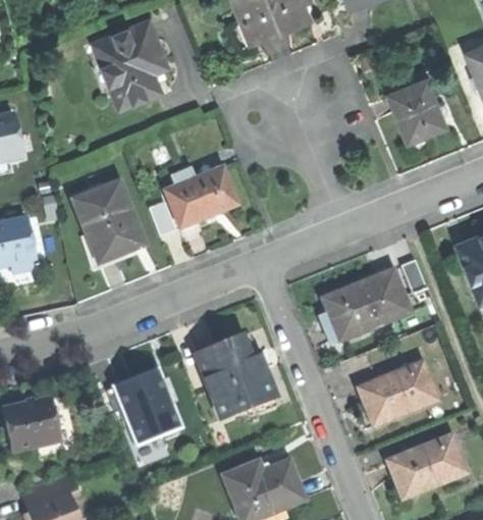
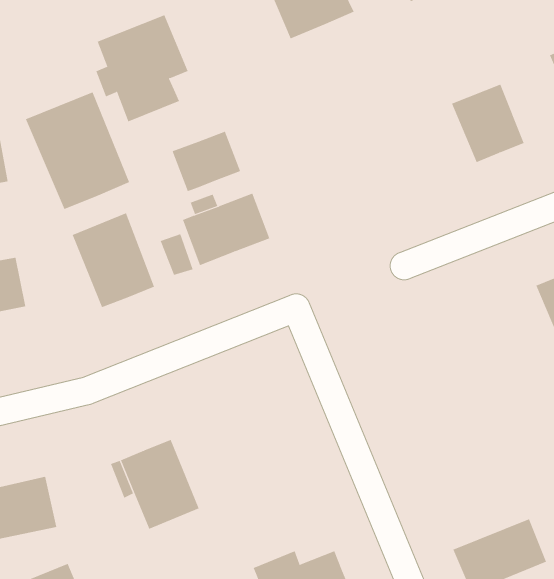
building: none -> [25,92,130,210]
building: none -> [172,131,241,192]
building: [321,268,410,341] -> none
building: [194,333,277,419] -> none
building: [358,362,436,424] -> none

